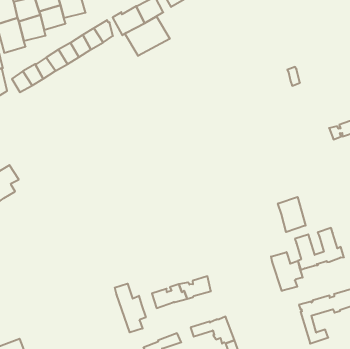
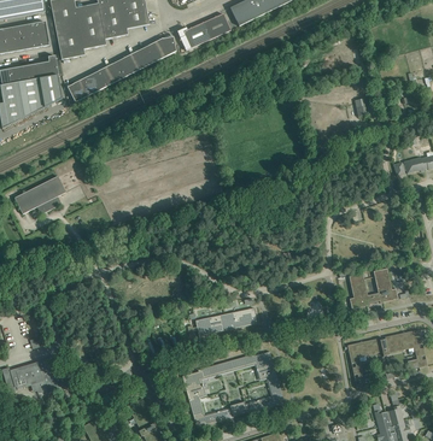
building: [125,17,170,56] -> none
building: [278,197,306,232] -> none
building: [271,252,303,291] -> none
building: [115,284,146,332] -> none

